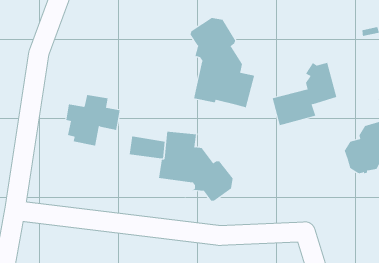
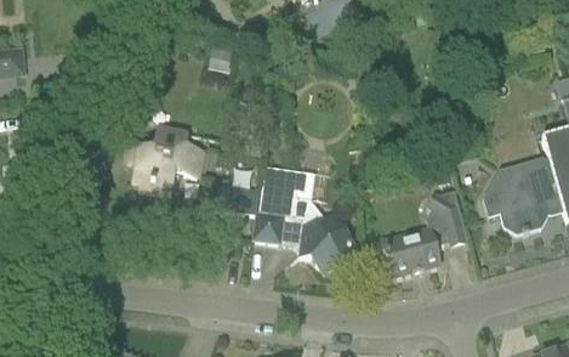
building: [185,17,255,108] -> none
building: [272,62,337,126] -> [381,192,467,276]

